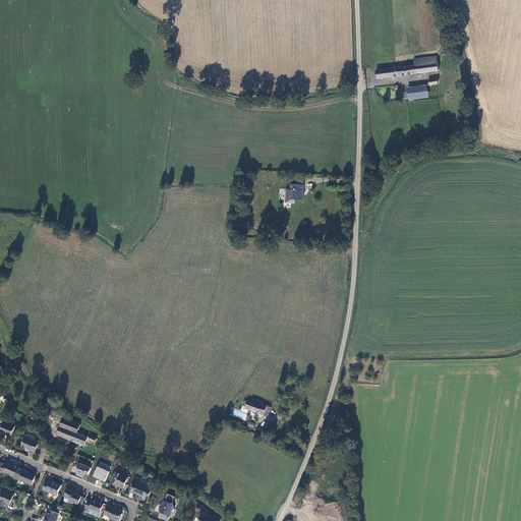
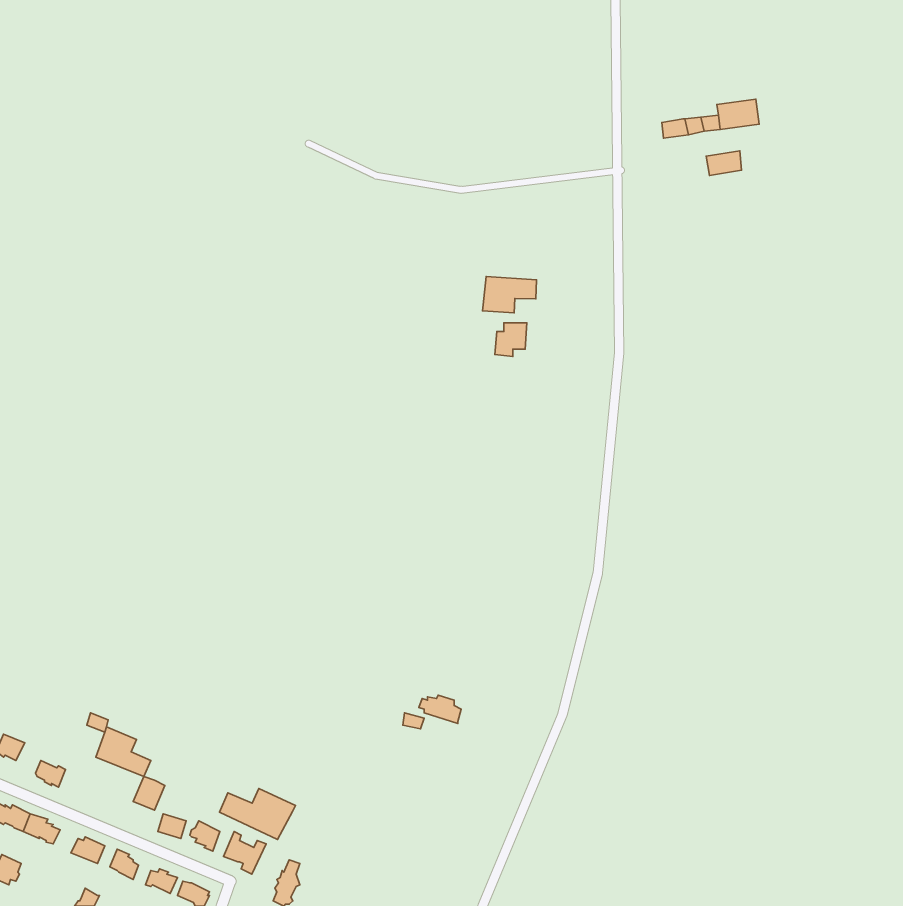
building: none -> [482,277,537,313]
building: none -> [219,788,296,839]

